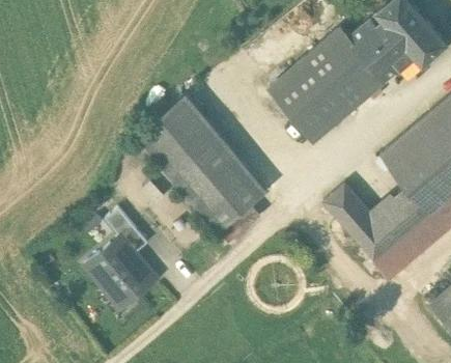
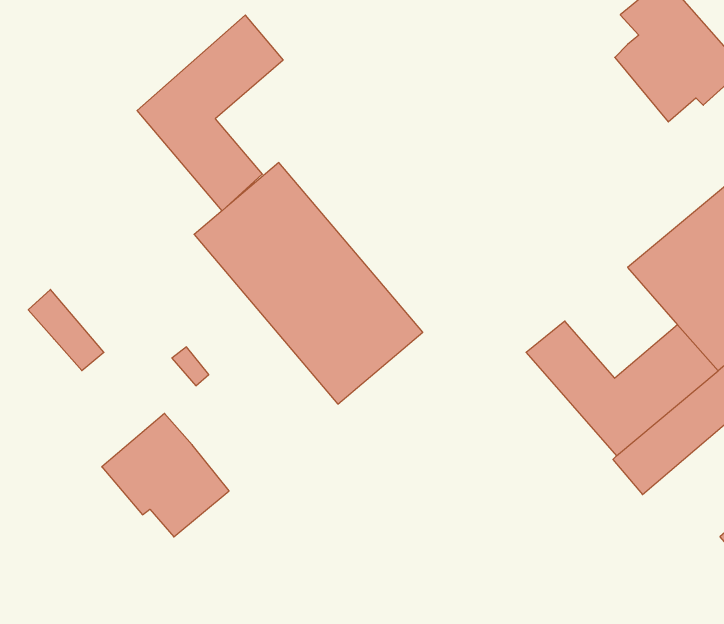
building: none -> [137,15,283,211]
building: [270,19,402,140] -> none
building: [105,208,147,254] -> [28,289,104,371]

